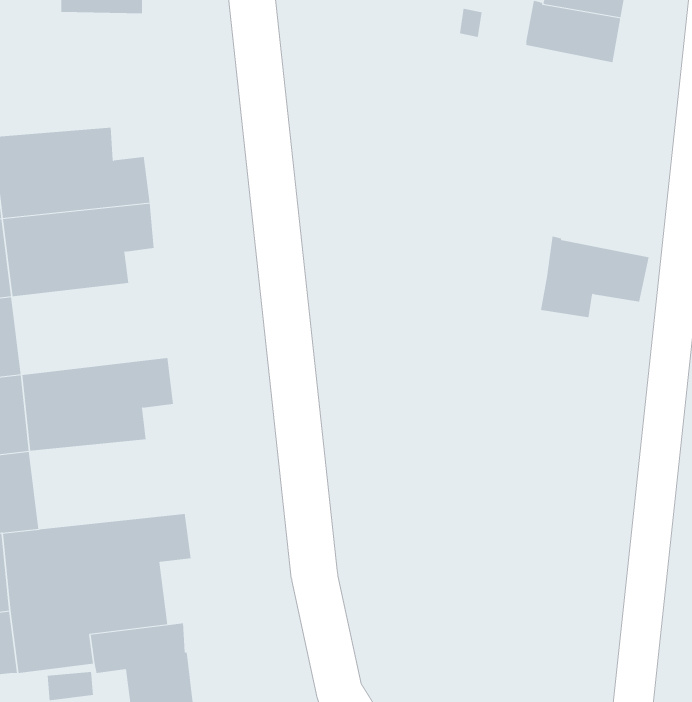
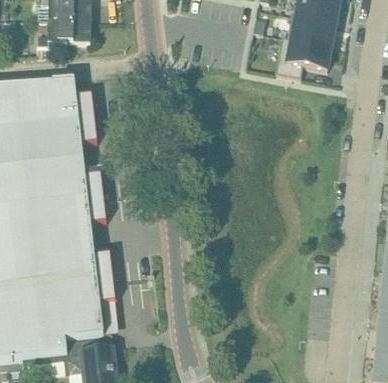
building: none -> [37,17,91,44]
building: [540,236,650,318] -> [276,32,332,74]
building: none -> [24,156,104,203]
building: none -> [33,236,113,282]

